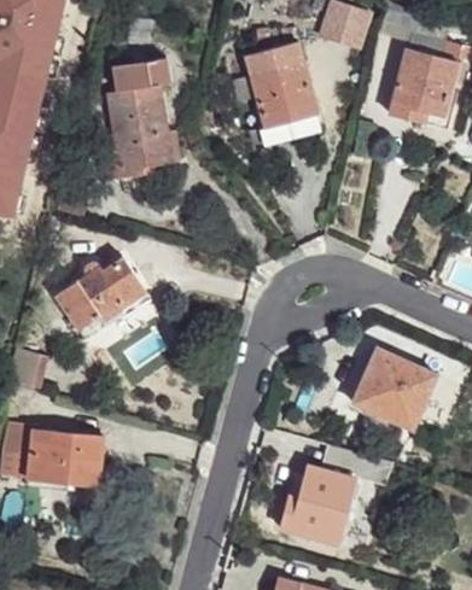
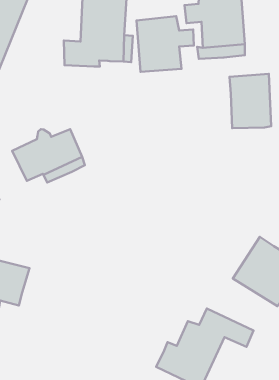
building: none -> [136,16,194,72]
building: none -> [230,74,271,128]

